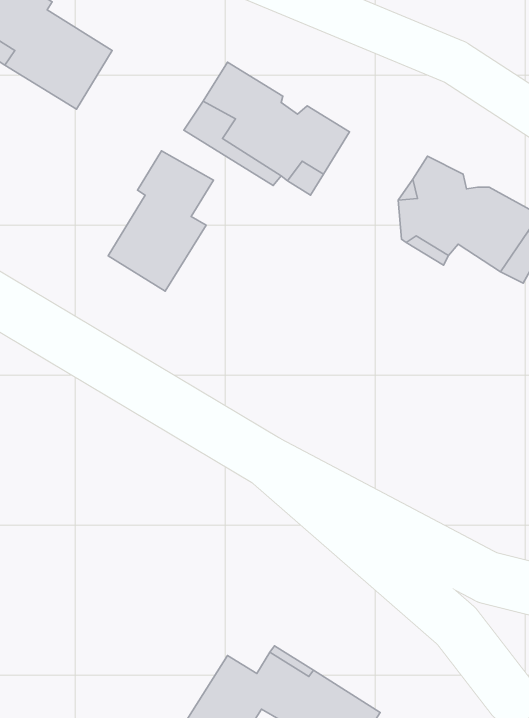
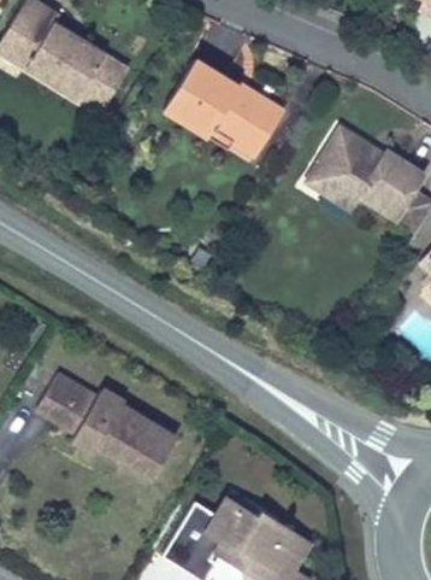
building: none -> [81,52,128,109]
building: [108,151,213,291] -> none
building: none -> [33,374,171,480]

